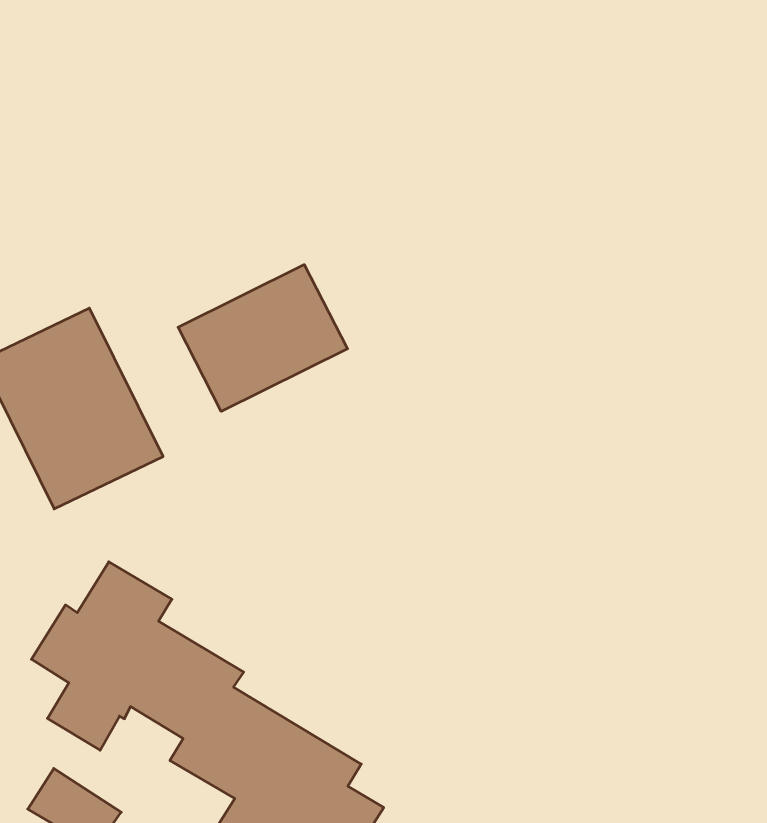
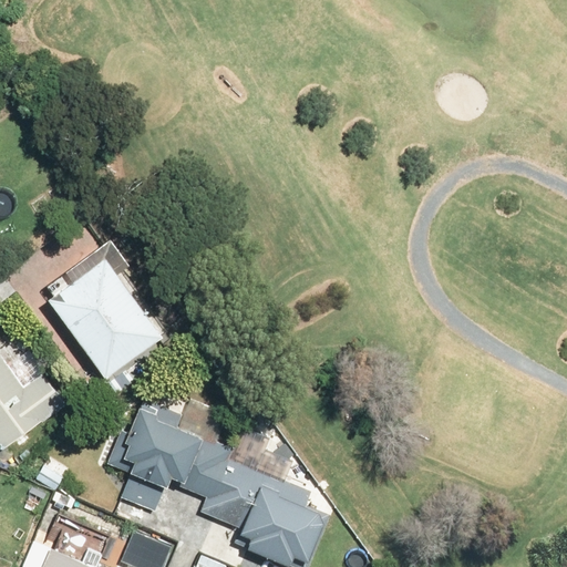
building: [178,265,348,411] -> none

